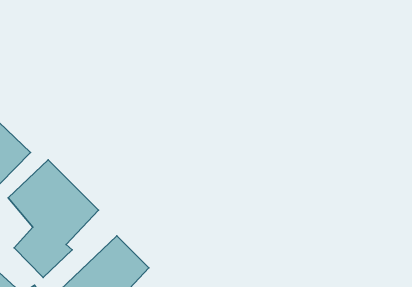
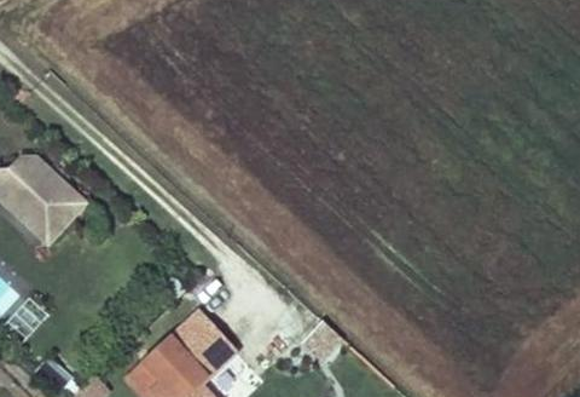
building: [8,160,99,278] -> none

